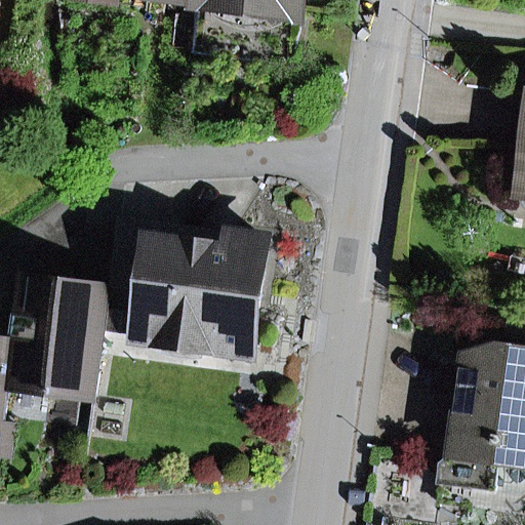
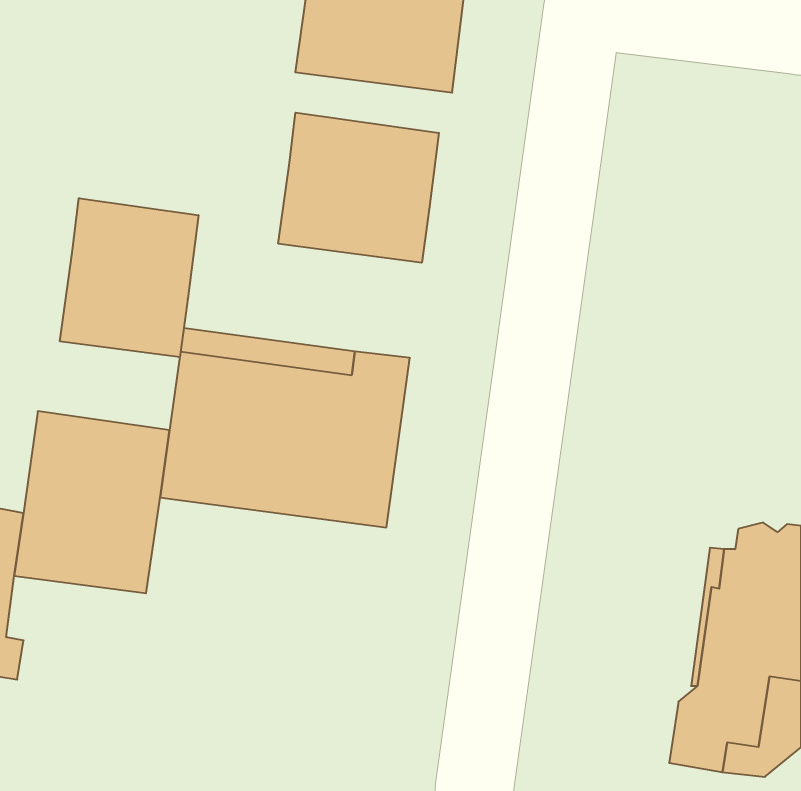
building: none -> [278,113,439,263]
building: none -> [60,198,198,357]

